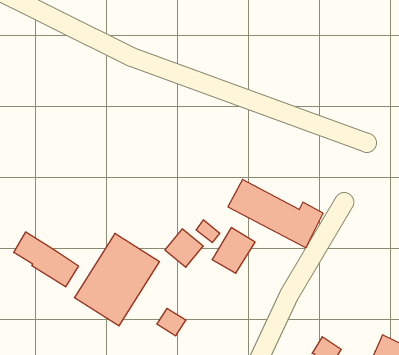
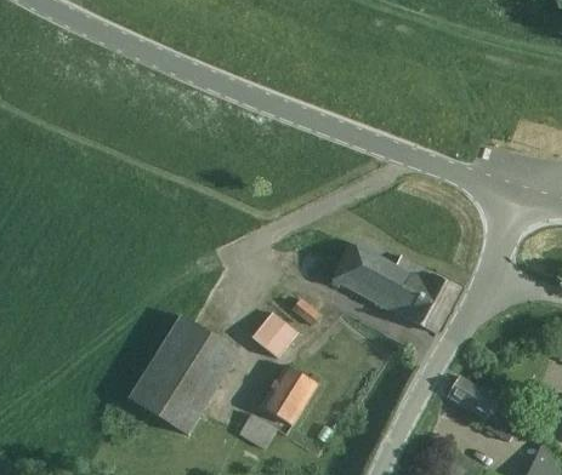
building: [212,228,255,273] -> [260,364,317,424]
building: [14,232,78,287] -> none
building: none -> [448,374,518,441]

